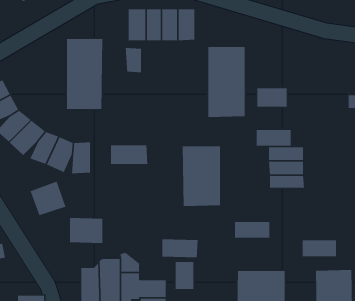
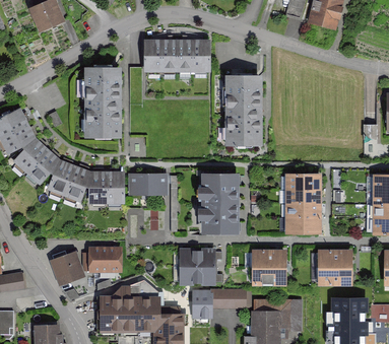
building: [125,47,142,73] -> none
building: [256,87,288,107] -> none
building: [256,129,292,147] -> [284,217,320,234]
building: none -> [108,170,125,202]
building: [29,180,66,216] -> [48,251,84,286]
building: none -> [178,249,214,268]
building: none -> [317,250,351,268]
building: none -> [250,267,285,286]
building: none -> [210,289,247,308]

